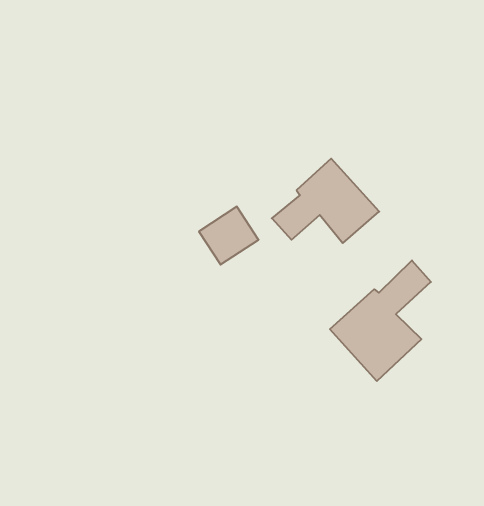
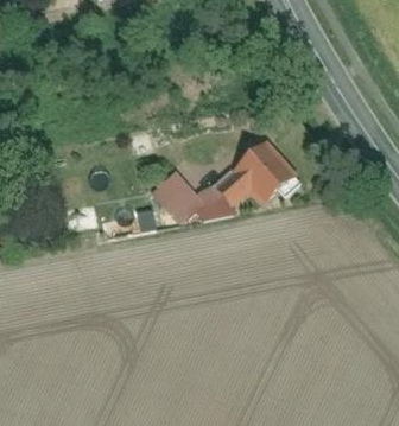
building: [330,260,431,381] -> none

